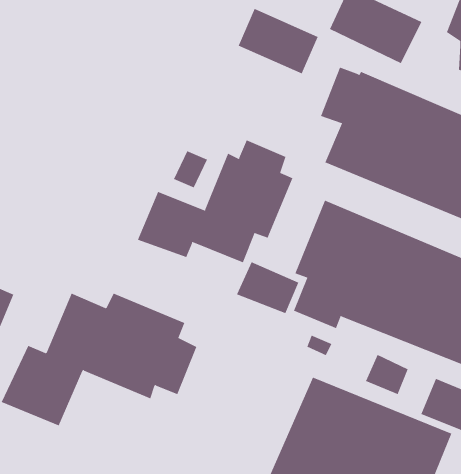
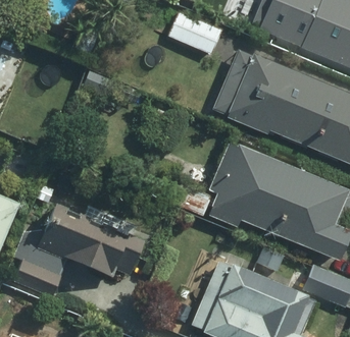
building: [137,140,293,263] -> none

